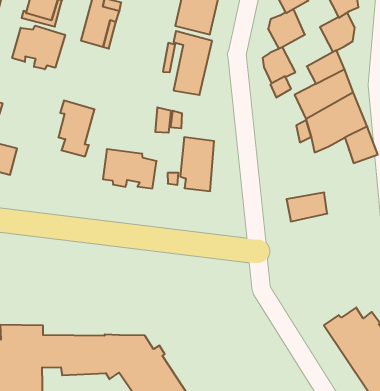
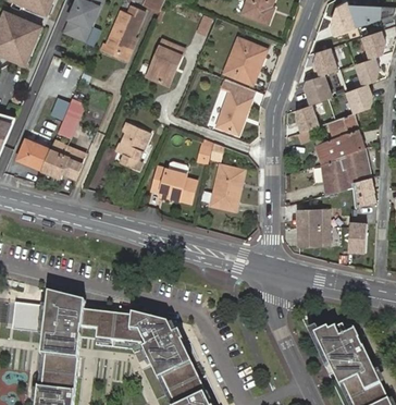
building: [12,26,65,69] -> none
building: none -> [296,210,329,229]
building: none -> [348,223,367,253]

